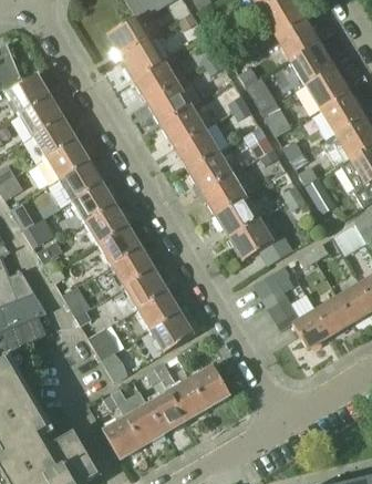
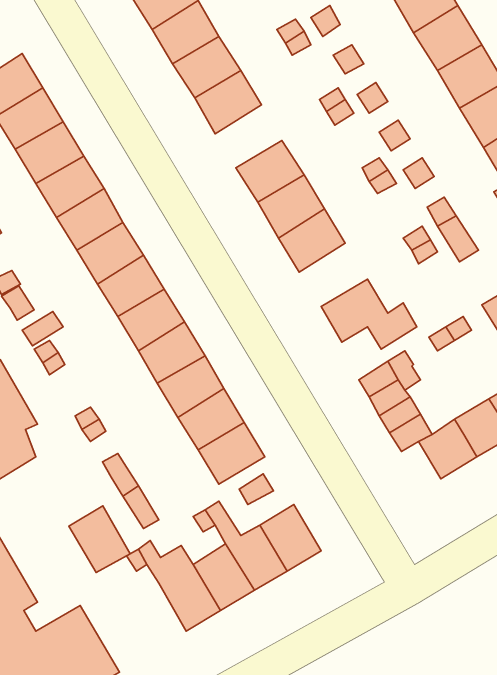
building: [161,105,204,146] -> none
building: [215,195,259,236] -> none
building: [102,415,142,459] -> [69,506,130,572]

